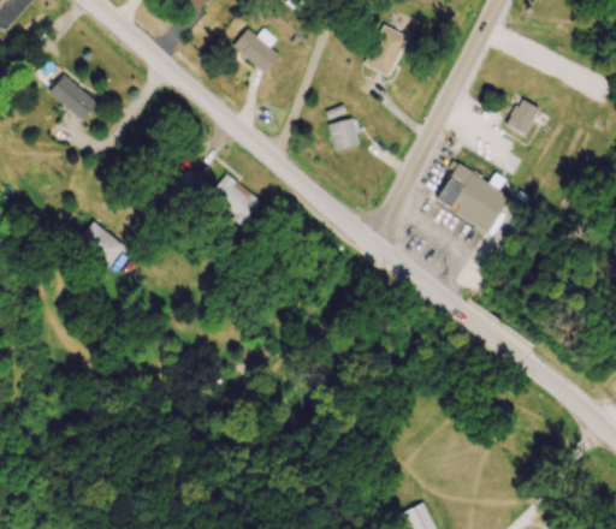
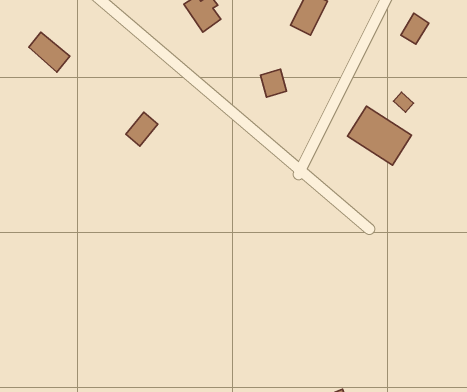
building: [507,97,540,135] -> [401,13,429,44]
building: [209,173,262,224] -> none
building: [77,221,125,267] -> none

